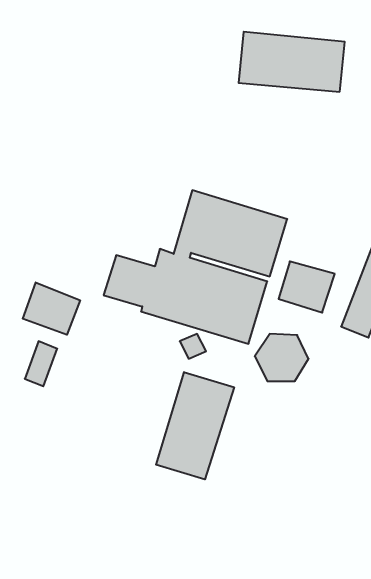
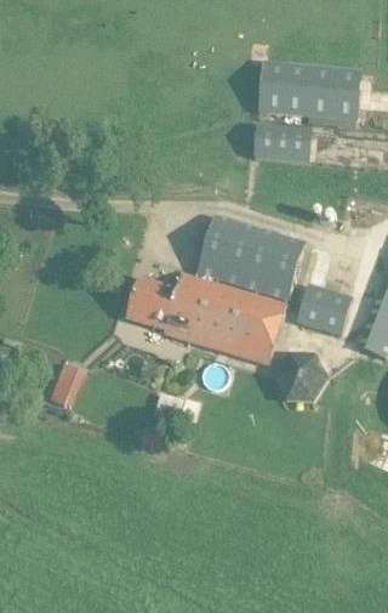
building: none -> [253,125,310,161]
building: [23,282,80,335] -> none
building: [156,372,234,479] -> none

